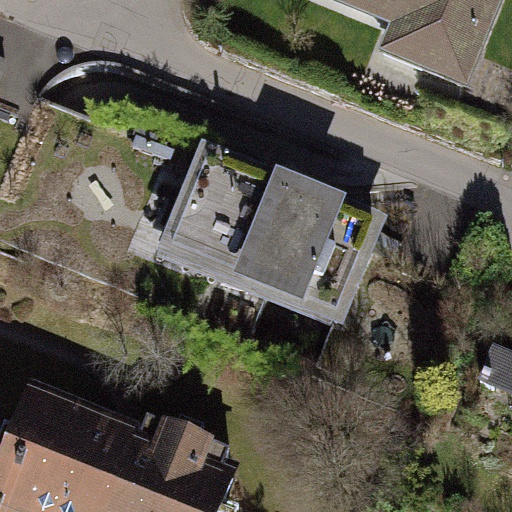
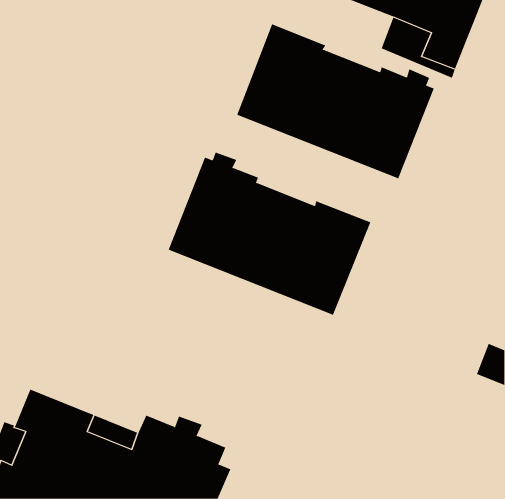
building: none -> [236,24,434,179]

